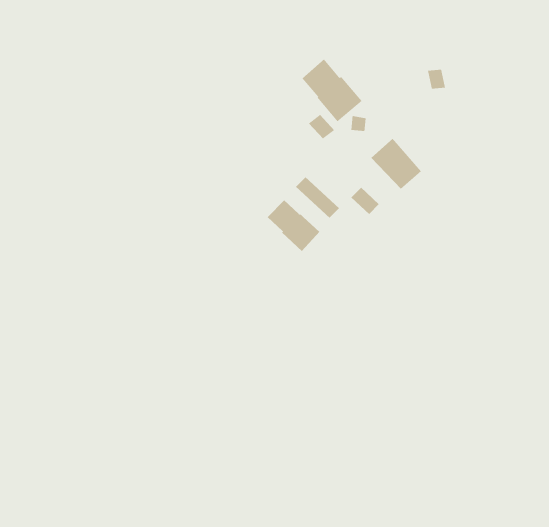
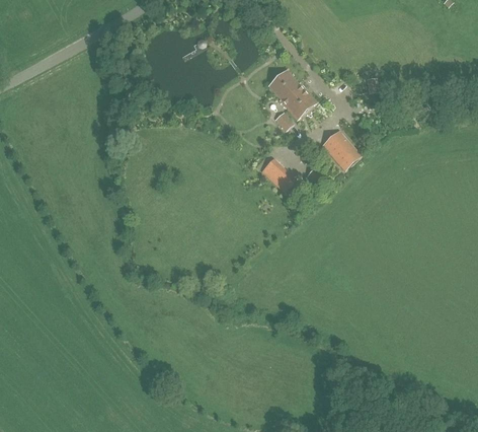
building: [267,200,320,252] -> none

